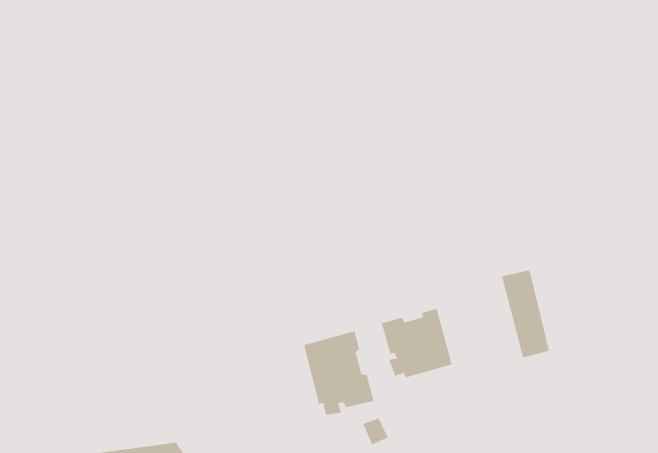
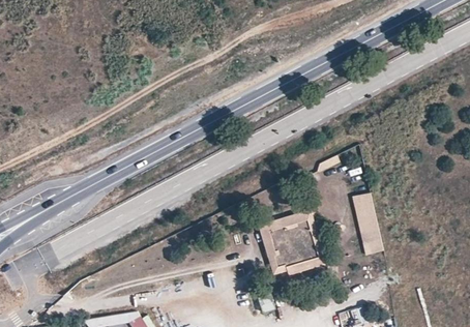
building: [303,331,374,415] -> none

